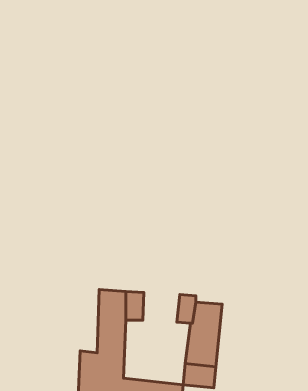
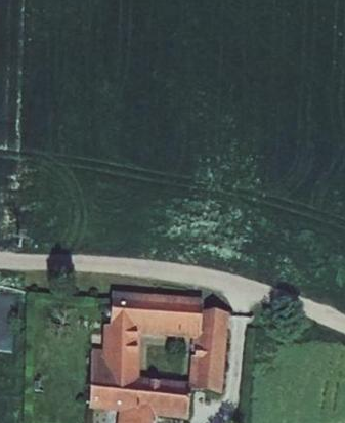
building: none -> [152,300,187,329]

